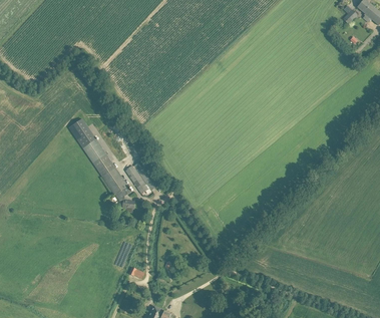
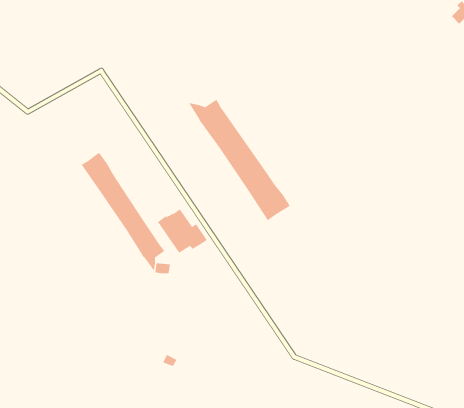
building: none -> [188,99,290,221]

